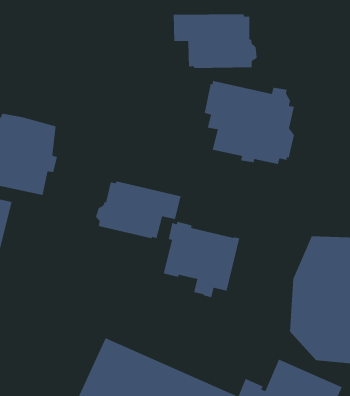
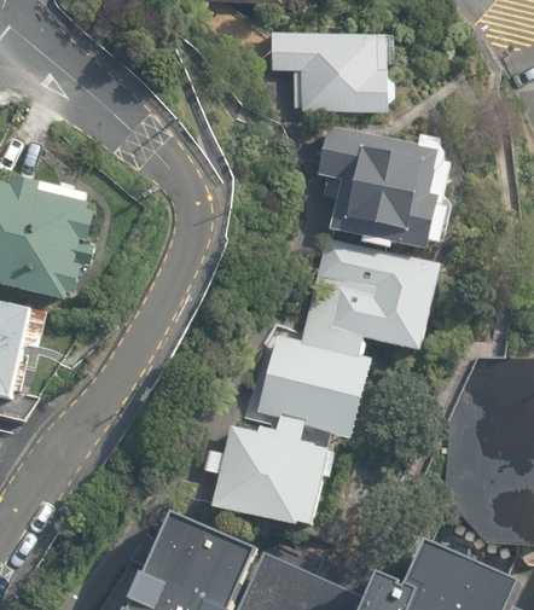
building: none -> [298,238,440,360]
building: [95,180,182,239] -> none
building: none -> [202,417,335,525]

